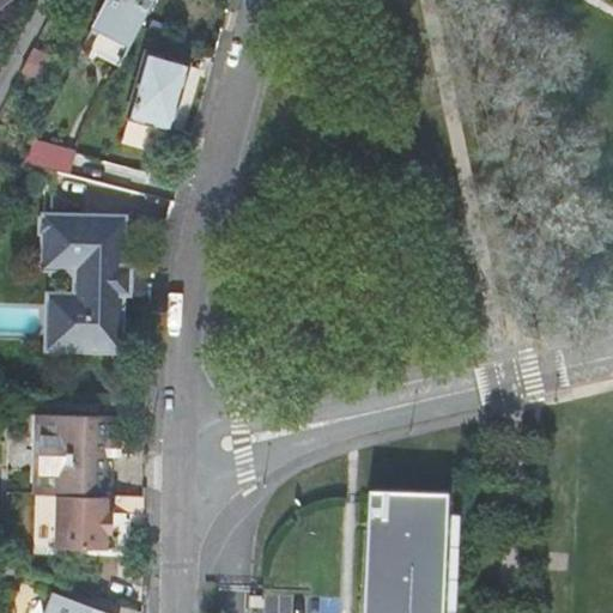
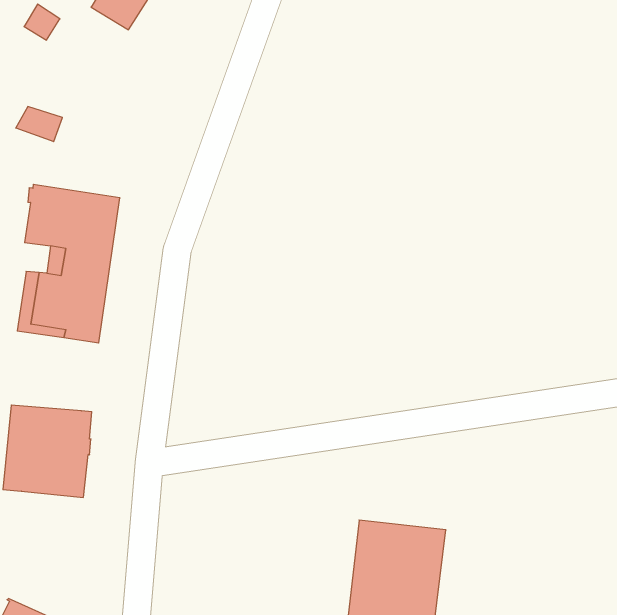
building: [123,54,188,146] -> none
building: [56,494,115,550] -> none

